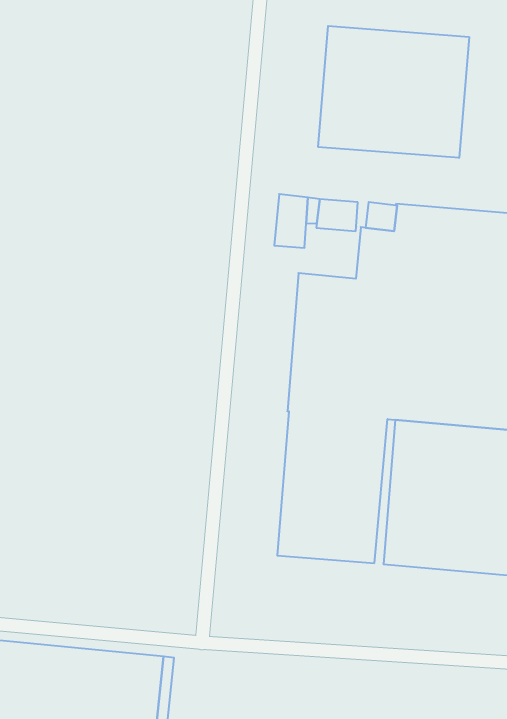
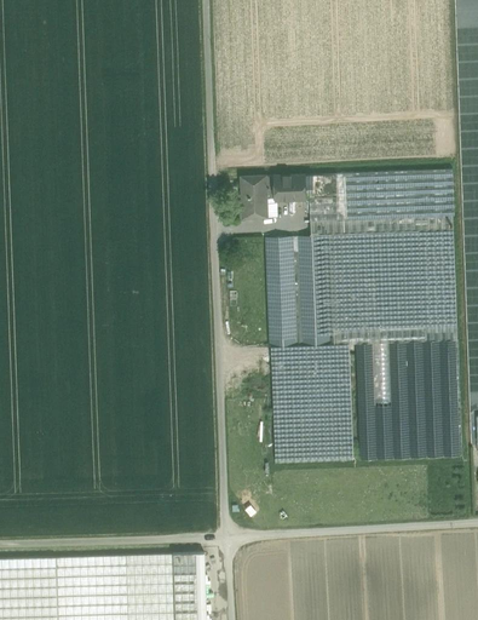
building: [318,26,469,158] -> none

